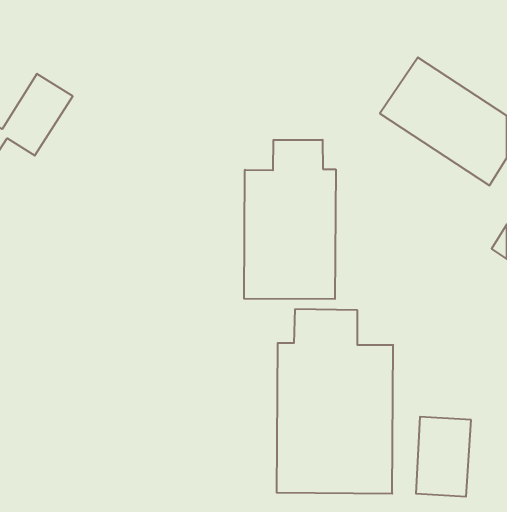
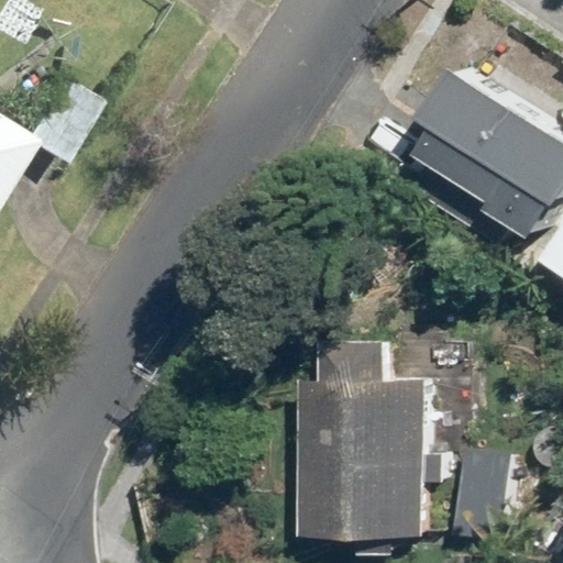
building: [244,140,336,299] -> none

